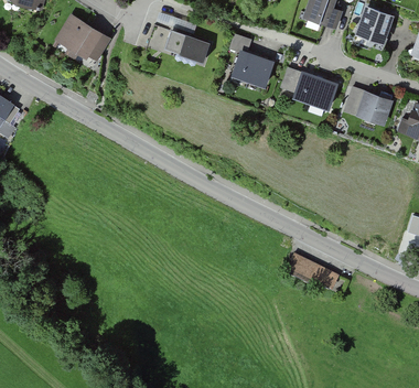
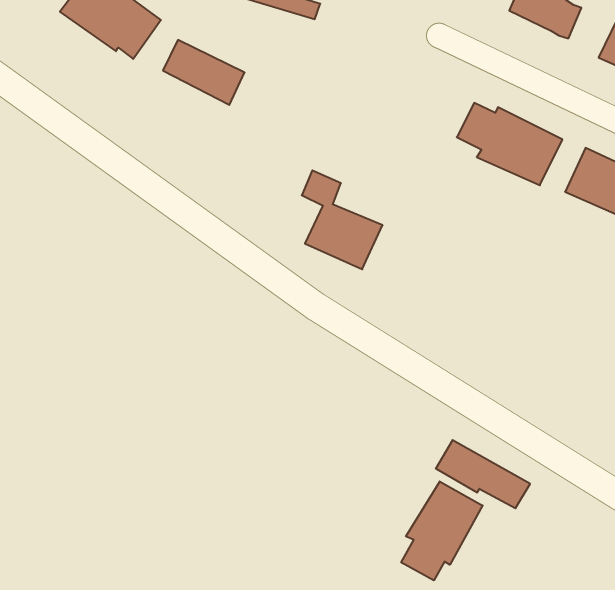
building: [163,29,208,62] -> [163,40,245,105]
building: [228,34,275,86] -> [302,170,383,269]
building: none -> [401,481,483,580]

